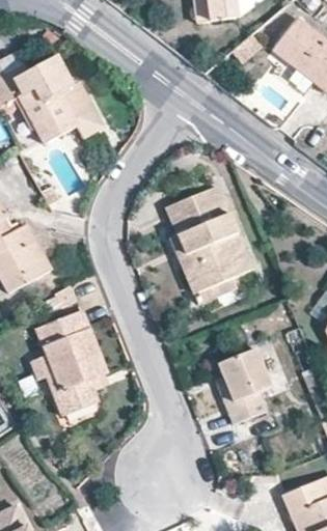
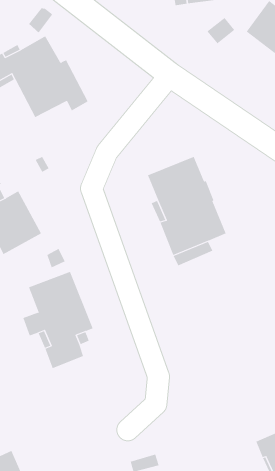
building: [215,347,272,424] -> none

